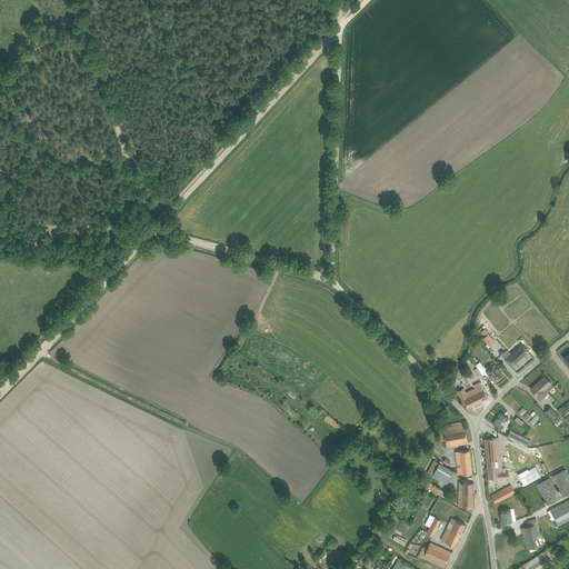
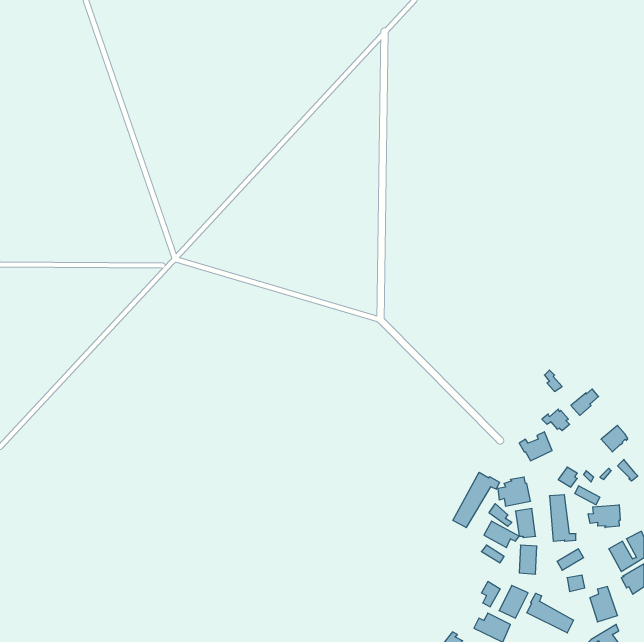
building: none -> [453,472,499,528]
building: none -> [588,505,620,528]
building: none -> [527,593,574,633]

